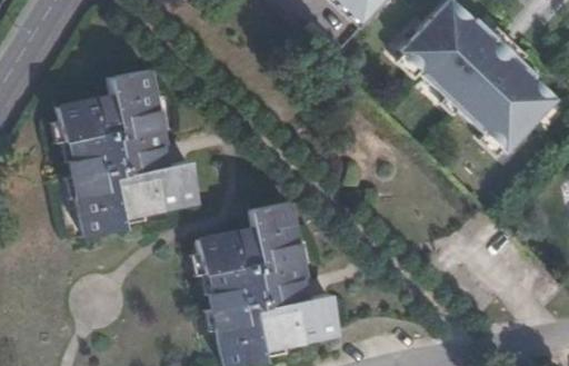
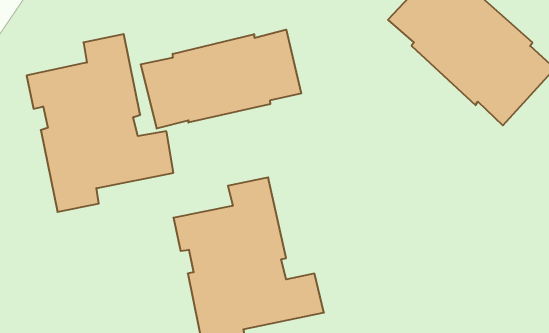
building: none -> [141,30,301,129]

